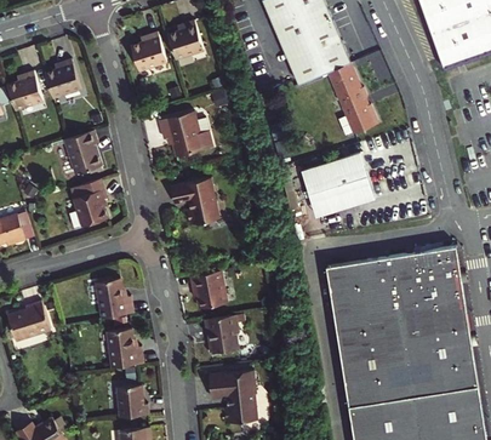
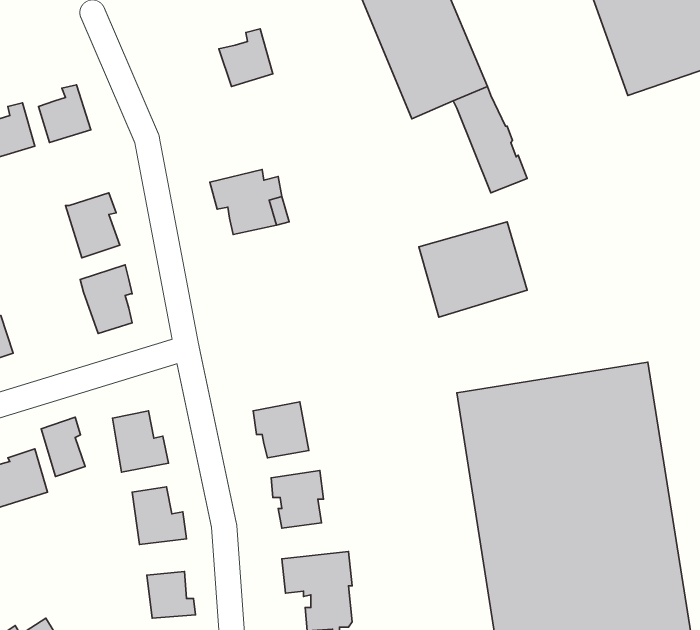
building: [129,32,165,70] -> none
building: [169,173,218,221] -> none
building: none -> [41,417,85,477]

